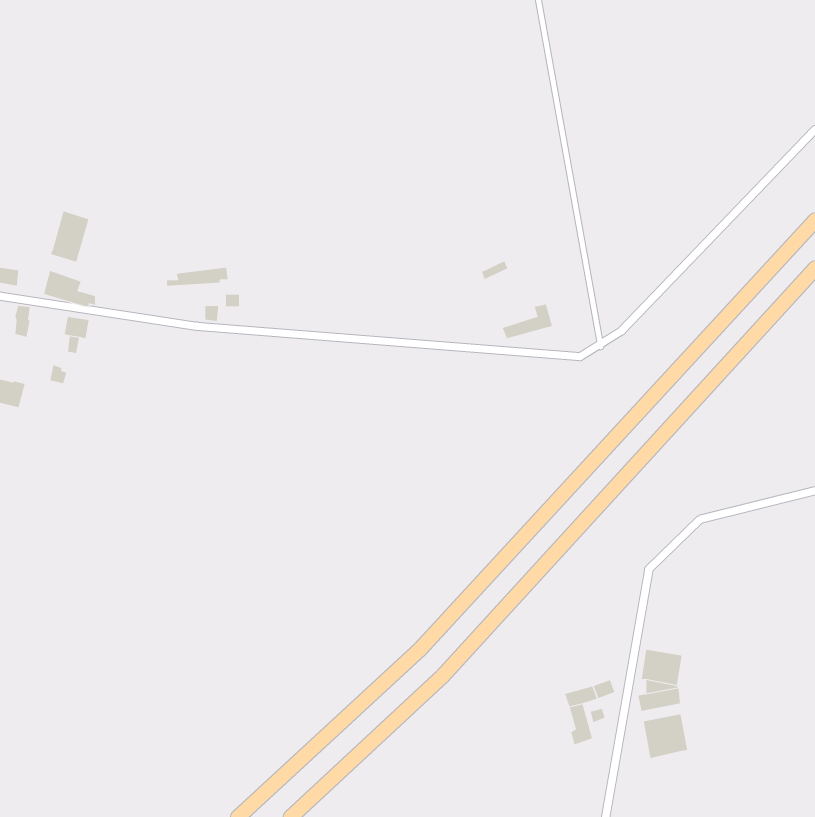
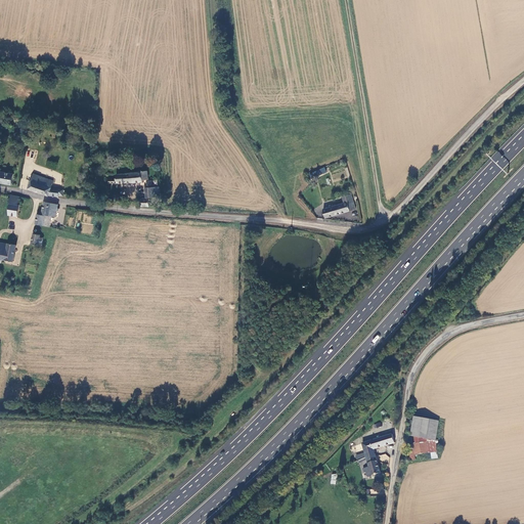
building: [50,211,89,263] -> none
building: [643,713,688,759] -> none

